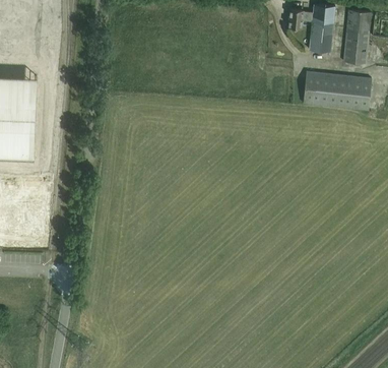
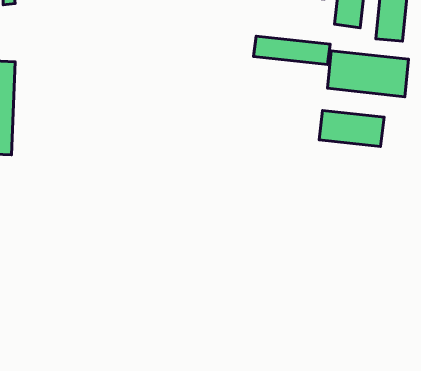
building: none -> [254,36,330,65]
building: none -> [319,111,384,146]

